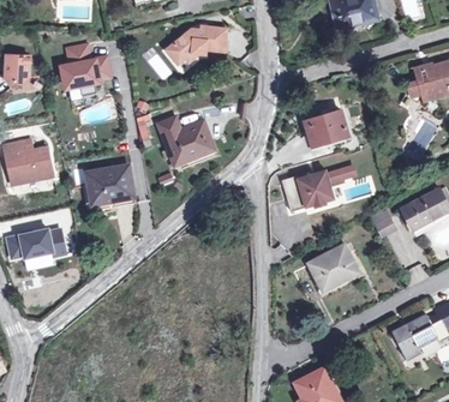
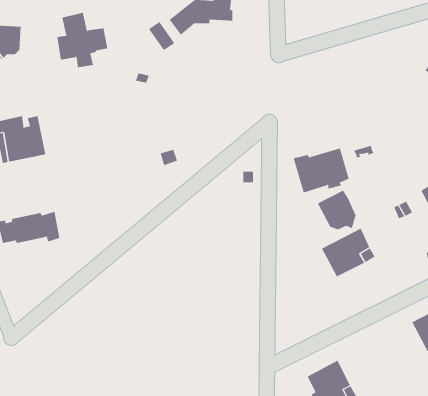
building: [305,110,348,146] -> none
building: [157,116,209,166] -> none
building: [85,166,132,203] -> none
building: none -> [317,190,356,230]

